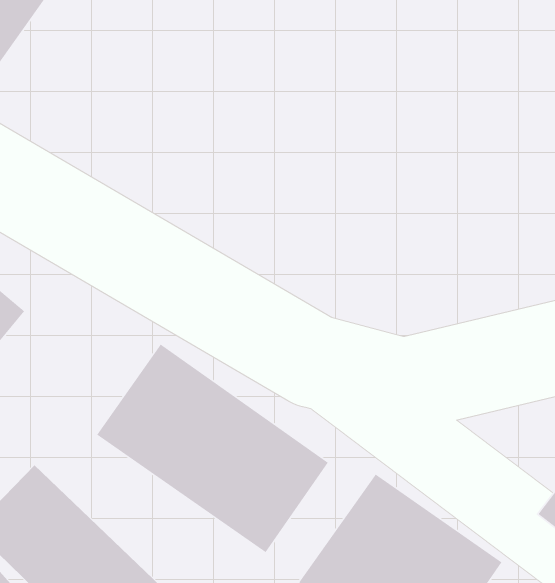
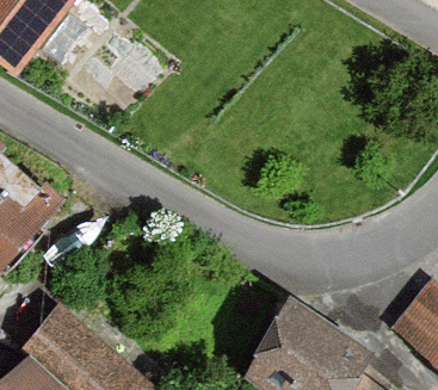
building: [96,344,329,553] -> none

